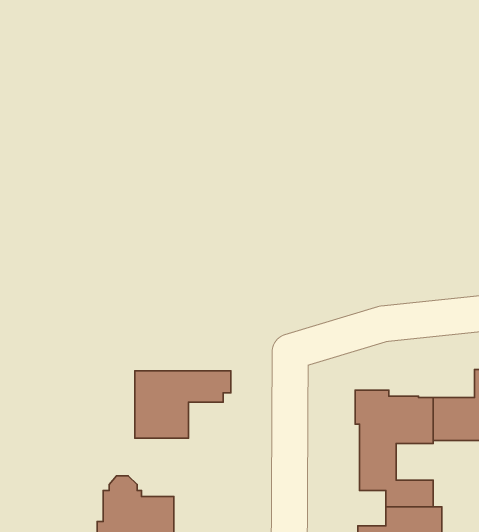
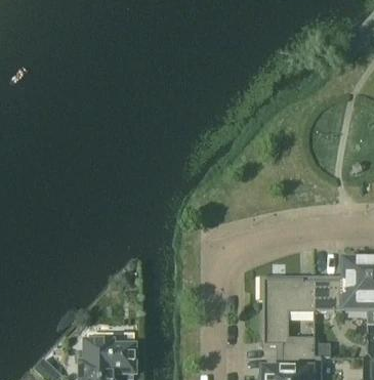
building: [135,371,231,438] -> none

